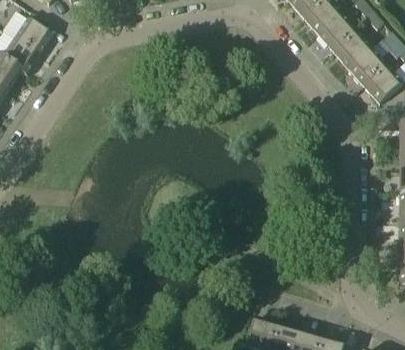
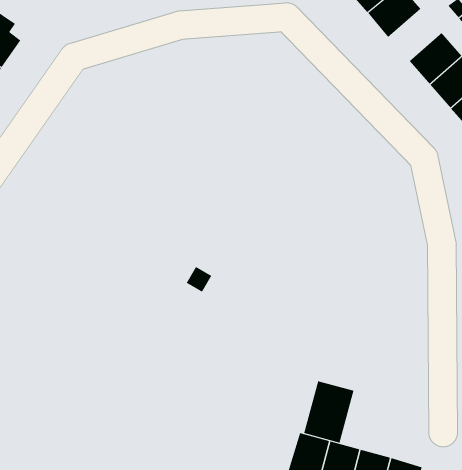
building: [317,13,356,51] -> none
building: none -> [304,380,354,443]

